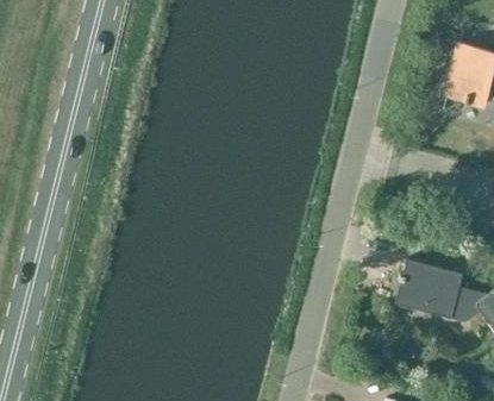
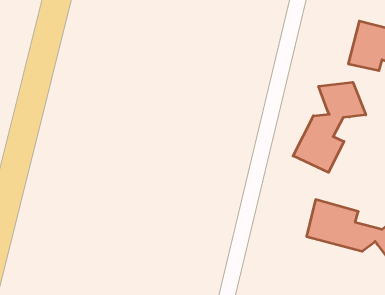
building: none -> [293,82,366,172]

